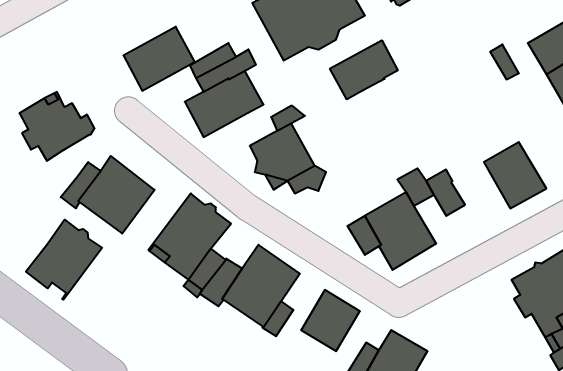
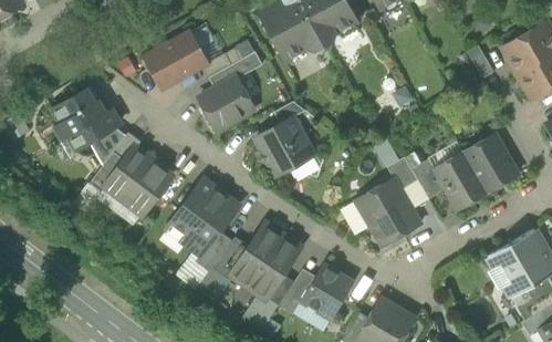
building: [330,40,398,99] -> none
building: none -> [90,127,125,165]
building: none -> [434,152,486,209]
building: [26,220,102,300] -> none

